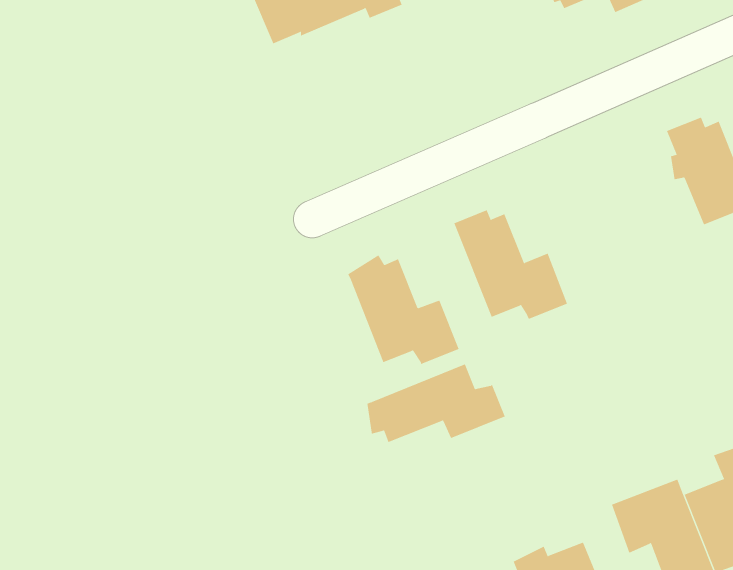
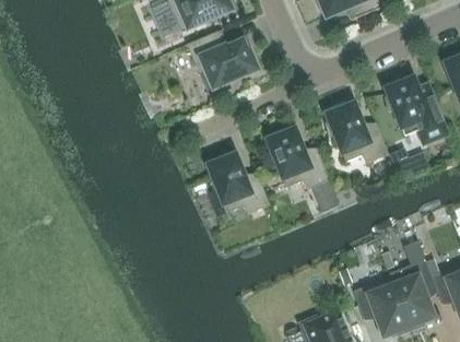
building: none -> [188,31,257,95]
building: none -> [327,102,389,163]
building: [367,364,505,443] -> none

